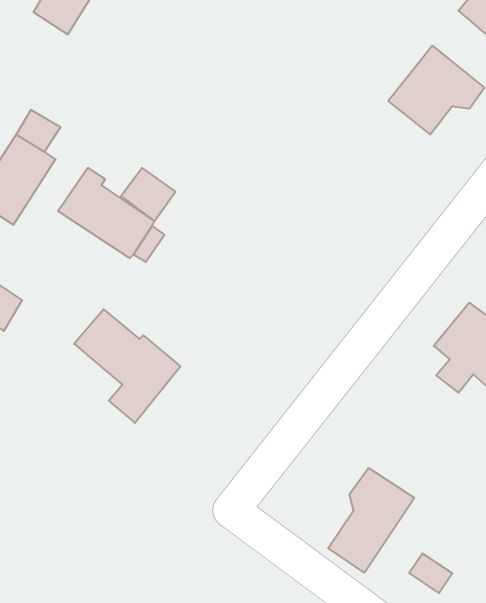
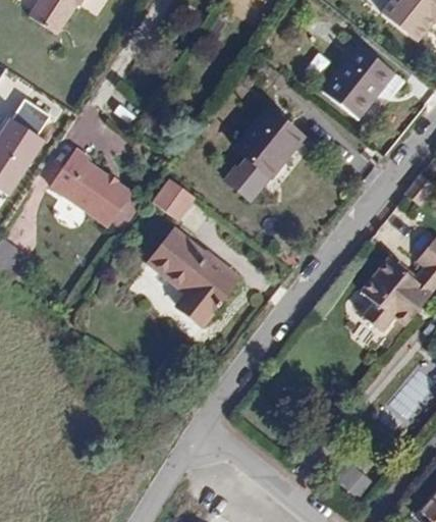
building: none -> [225,110,301,200]
building: [121,168,175,221] -> [151,177,196,221]
building: [74,309,180,423] -> [149,230,236,324]
building: [328,468,414,573] -> none

